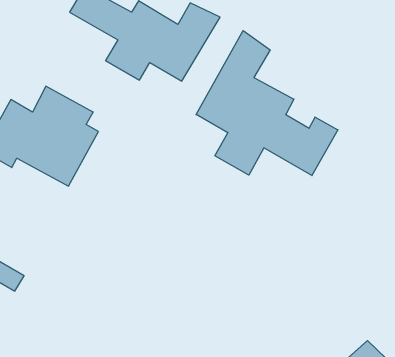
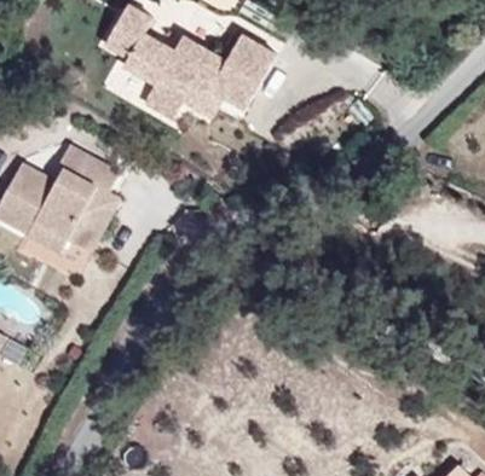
building: [196,31,338,176] -> none

